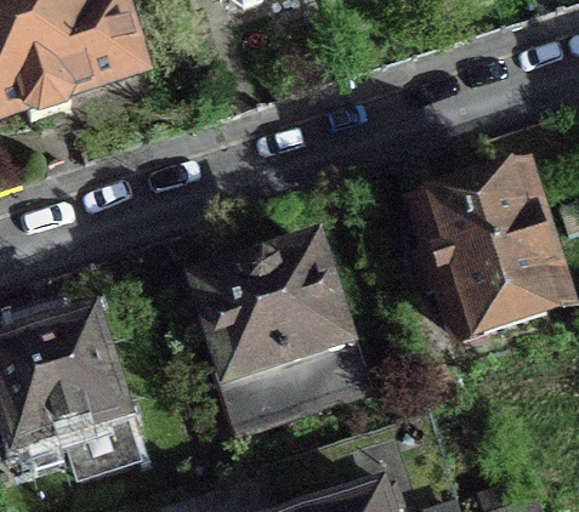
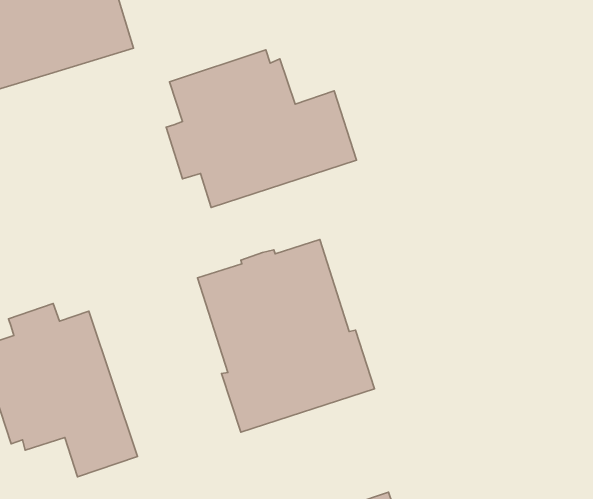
building: none -> [166,50,356,208]
building: [415,187,564,336] -> none

